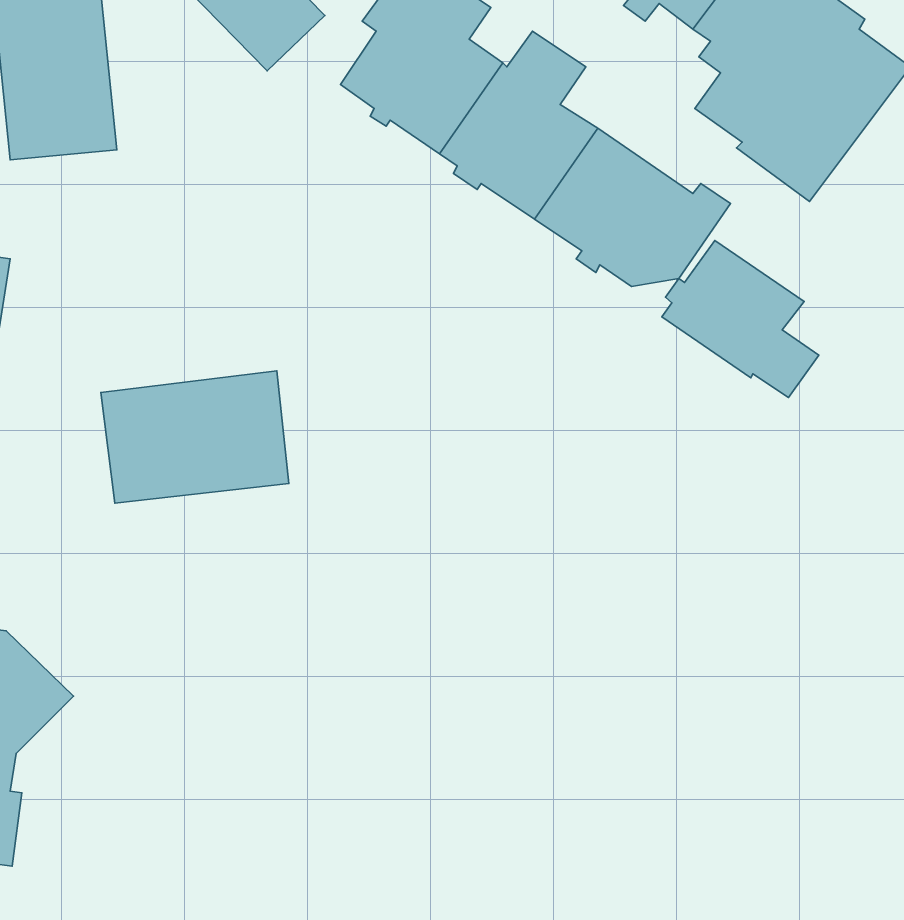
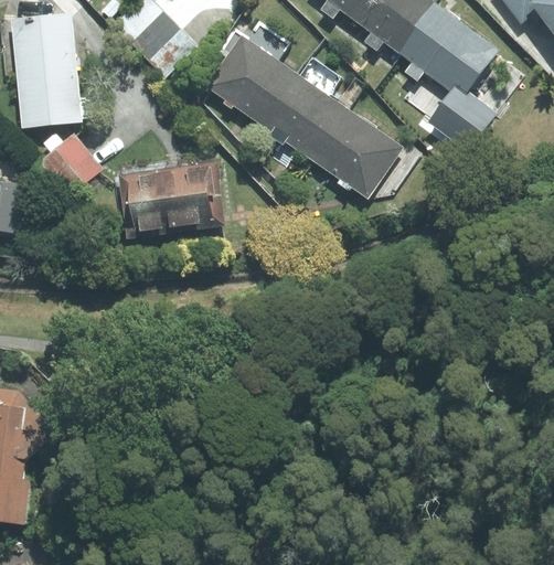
building: none -> [40,132,103,195]
building: [662,240,819,397] -> none
building: [101,371,289,503] -> [118,162,223,236]

